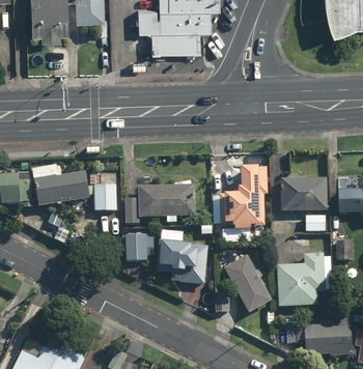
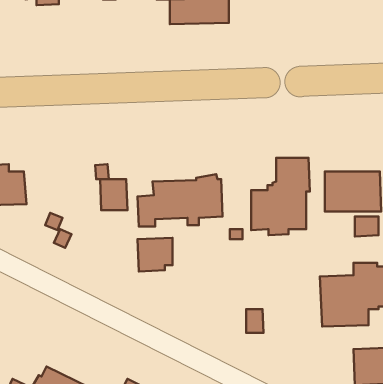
building: [34,170,90,205] -> none
building: [157,229,208,284] -> none
building: [224,255,273,313] -> none

